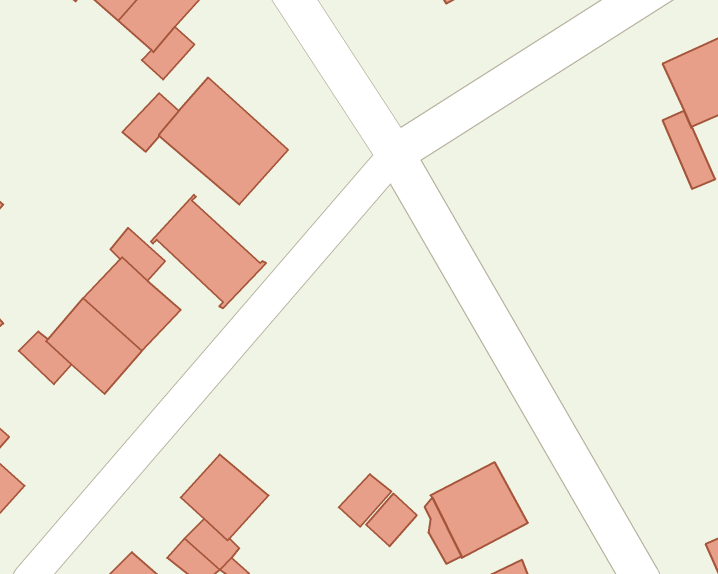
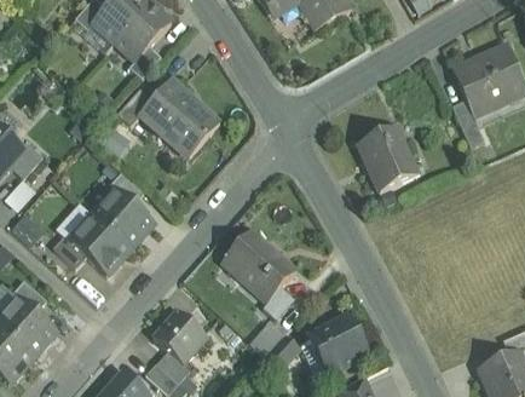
building: none -> [360,128,419,192]
building: [151,195,266,308] -> [224,230,295,300]

